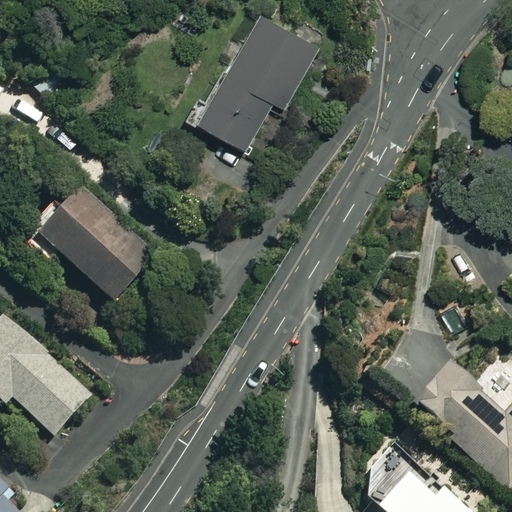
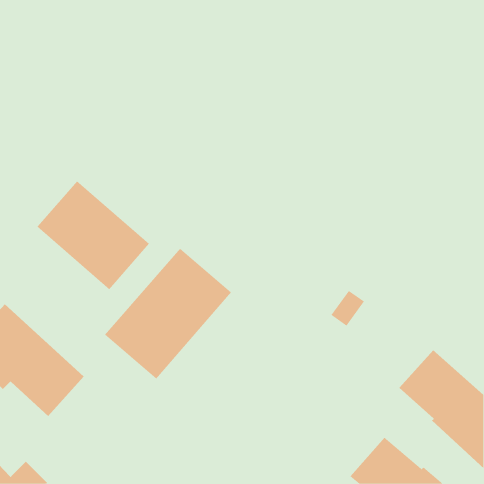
building: [204,15,317,148] -> none
building: none -> [104,248,232,380]

